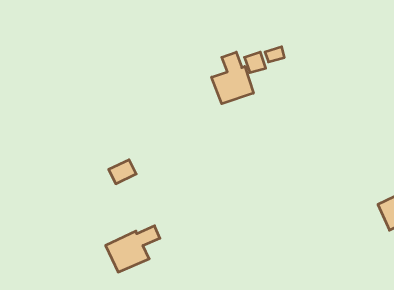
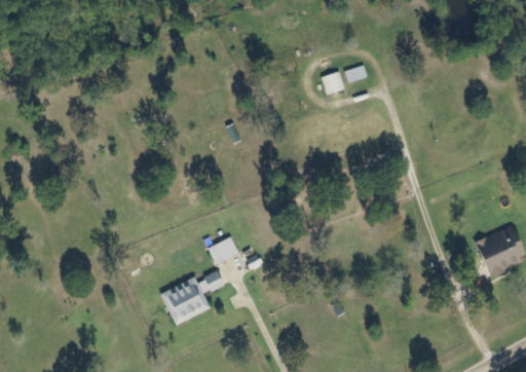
building: [212,52,253,104] -> none
building: [109,160,136,184] -> [208,235,239,263]

